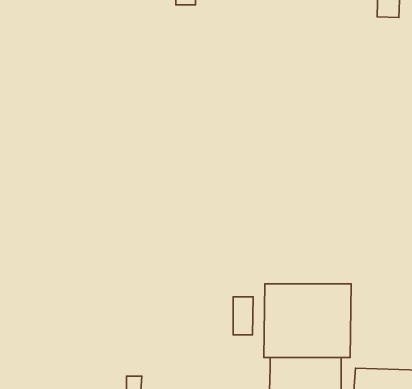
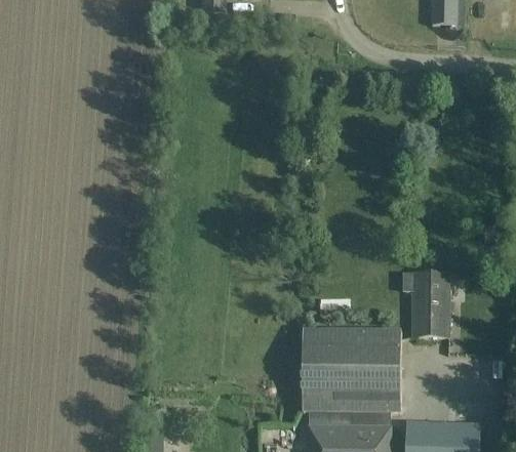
building: none -> [403,273,448,337]
building: [233,297,253,335] -> none

